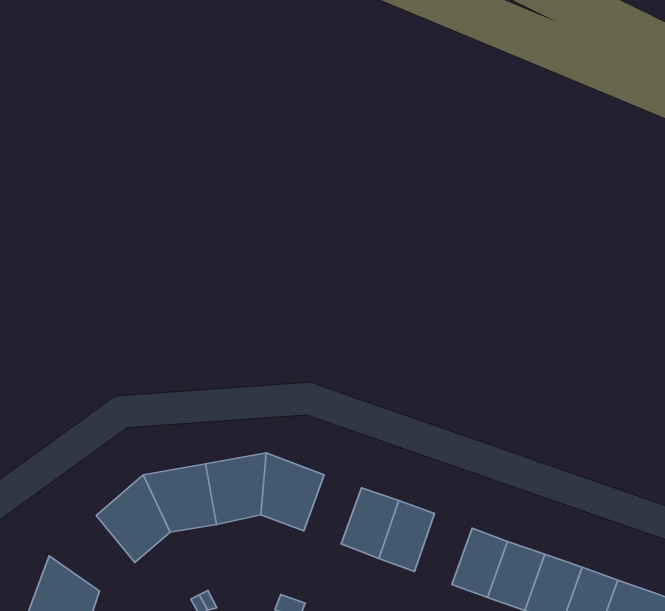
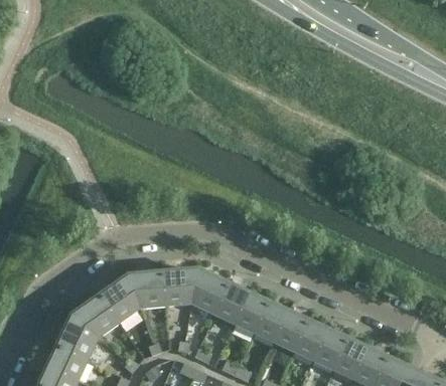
building: none -> [214,283,249,323]
building: none -> [274,311,308,351]
building: none -> [71,295,119,337]

